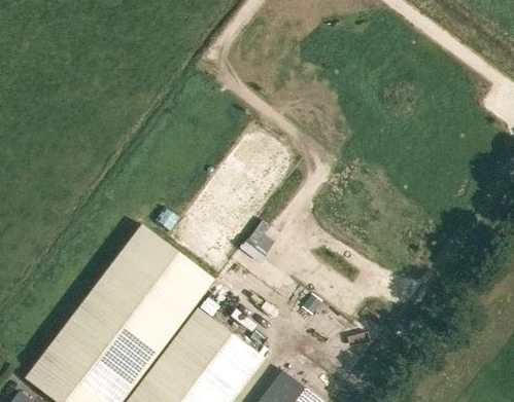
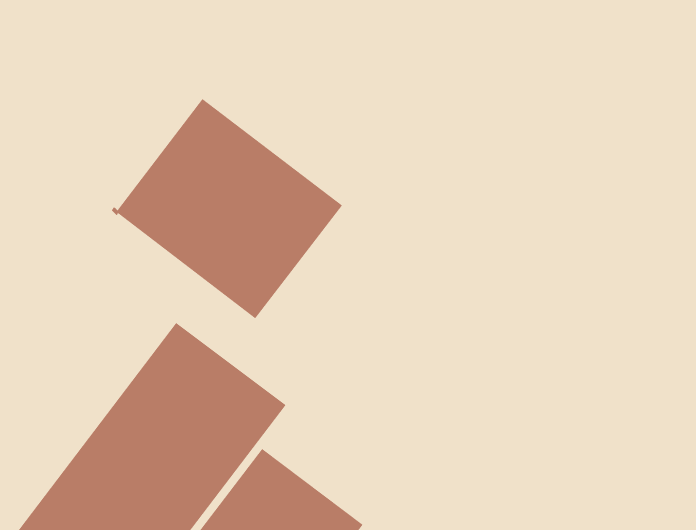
building: none -> [111,98,343,319]

